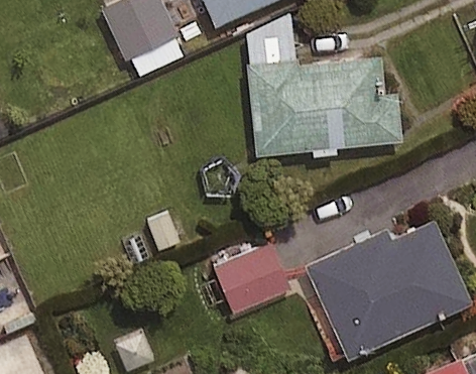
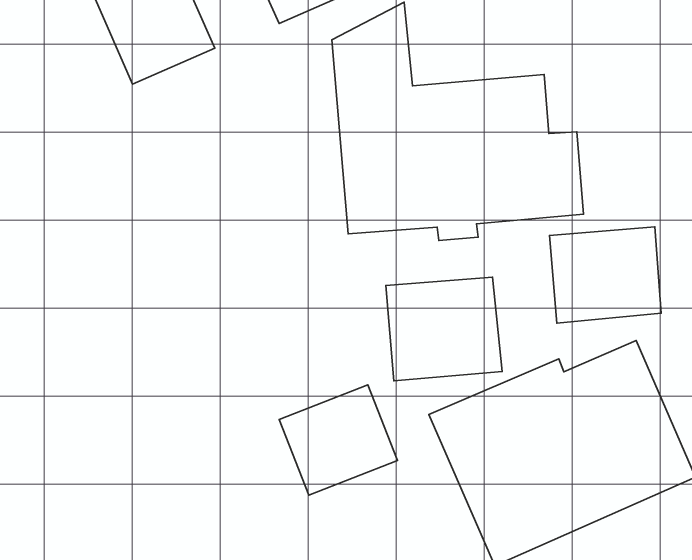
building: none -> [550,227,661,323]
building: none -> [386,277,502,381]

